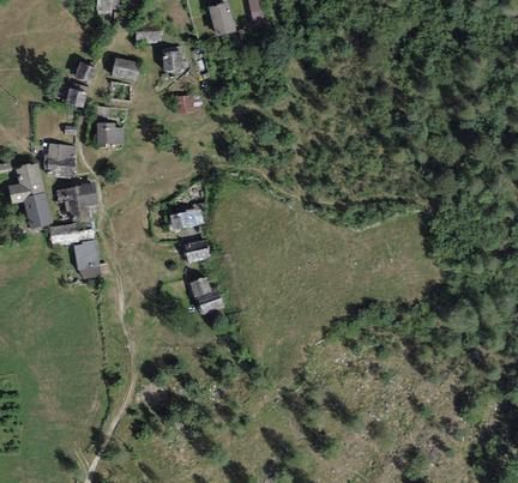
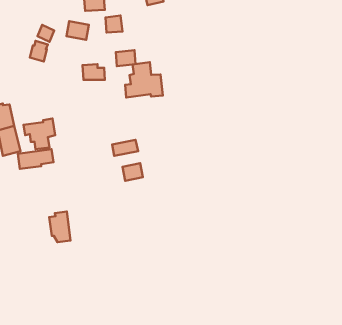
building: none -> [125,62,163,98]
building: [96,122,125,143] -> [83,64,105,80]
building: [43,143,76,177] -> none
building: [73,239,101,278] -> [49,211,71,242]
building: [189,277,224,314] -> none

